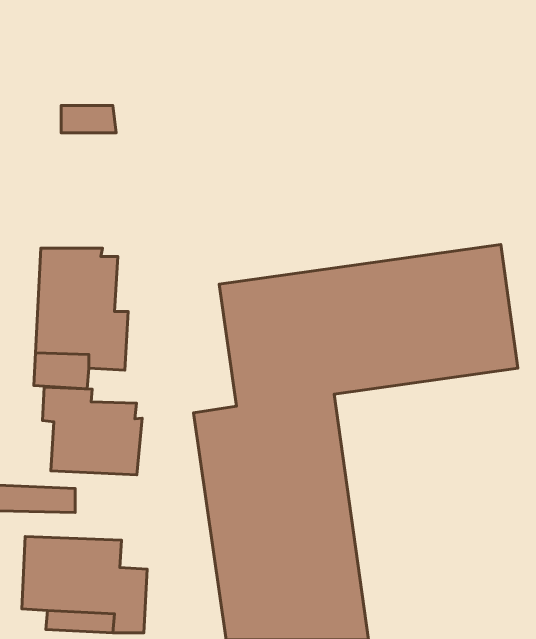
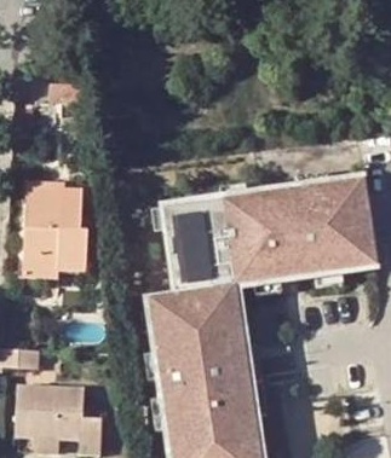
building: [43,387,142,475] -> none

